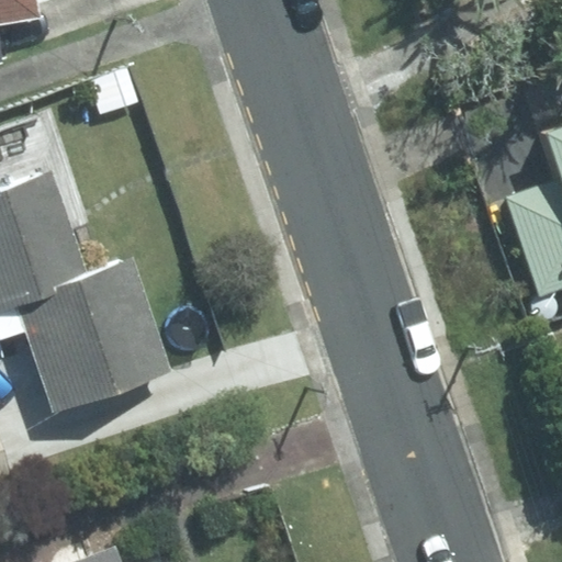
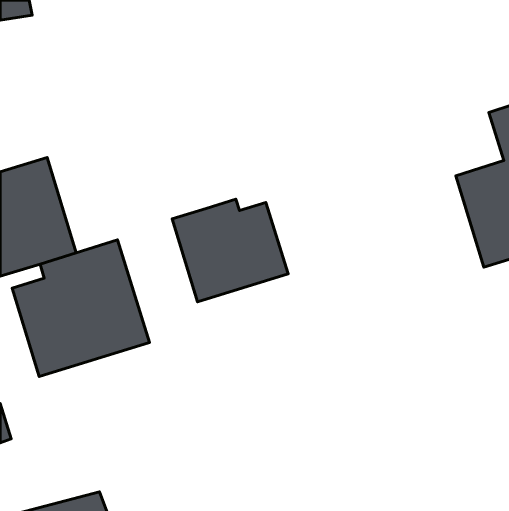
building: none -> [172,199,288,302]

